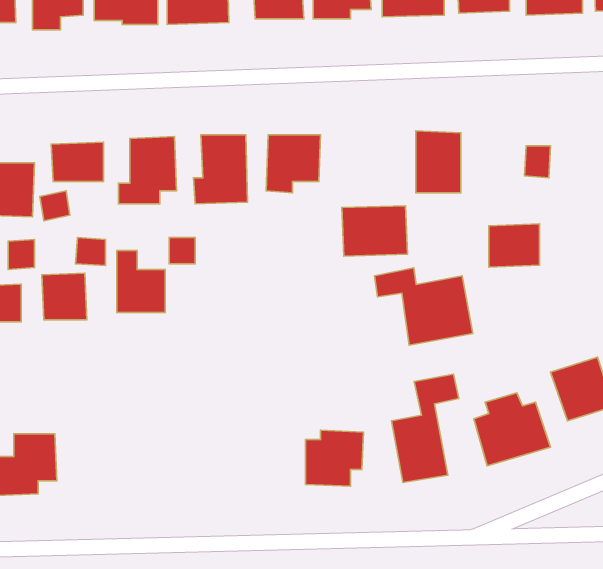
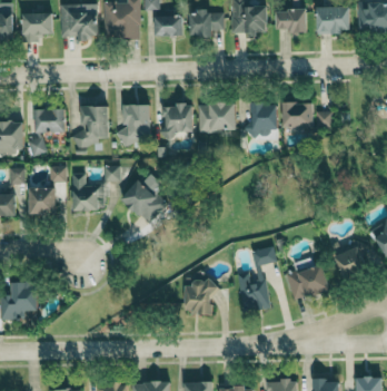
building: [342,206,407,256] -> [197,102,236,133]
building: [489,224,539,267] -> [282,102,312,128]
building: none -> [120,179,163,223]
building: [374,268,473,345] -> none

